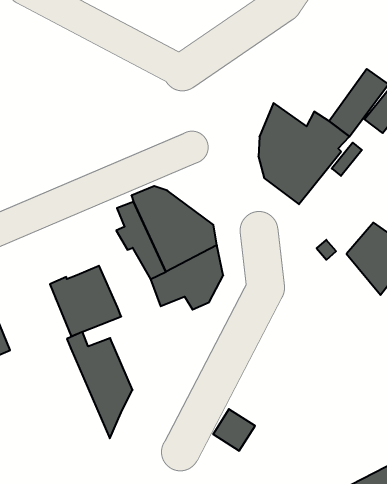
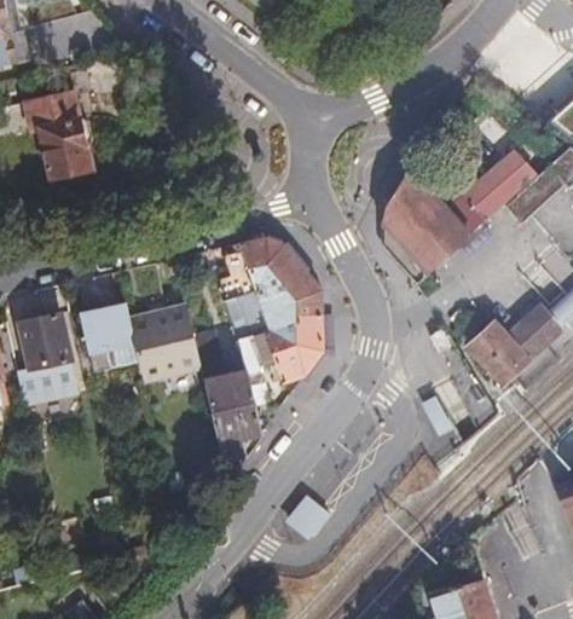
building: none -> [86,303,138,351]
building: [67,332,133,438] -> [203,355,265,476]

